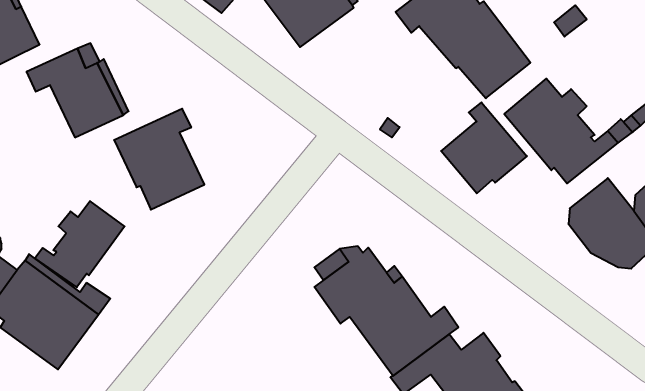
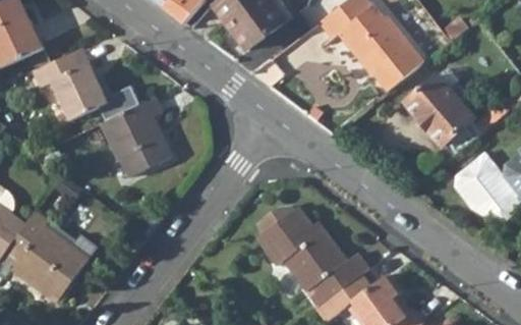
building: [441,102,527,193] -> none
building: [35,201,125,287] -> none

